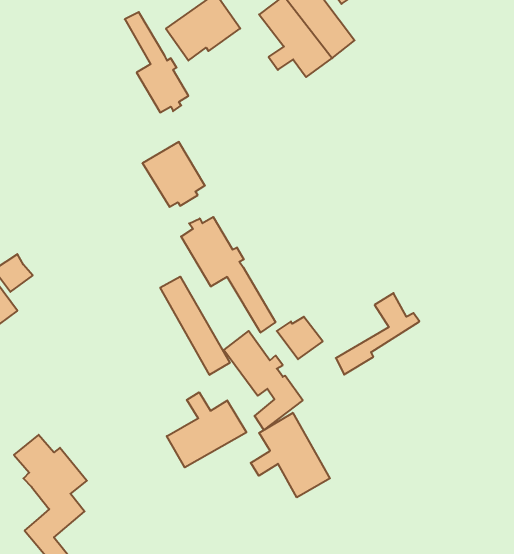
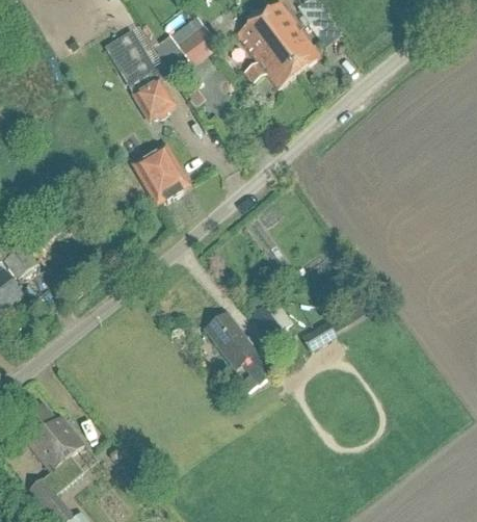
building: [181,217,275,333] -> none
building: [160,277,230,375] -> none
building: [167,392,246,467] -> none
building: [251,413,330,497] -> none

